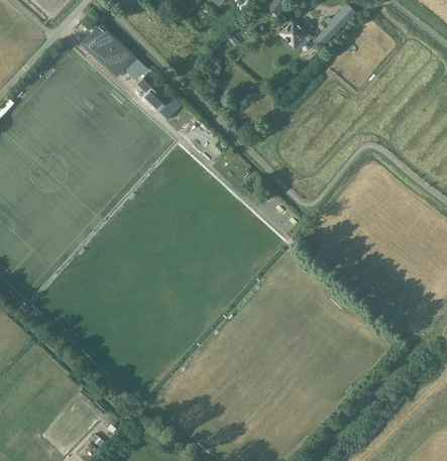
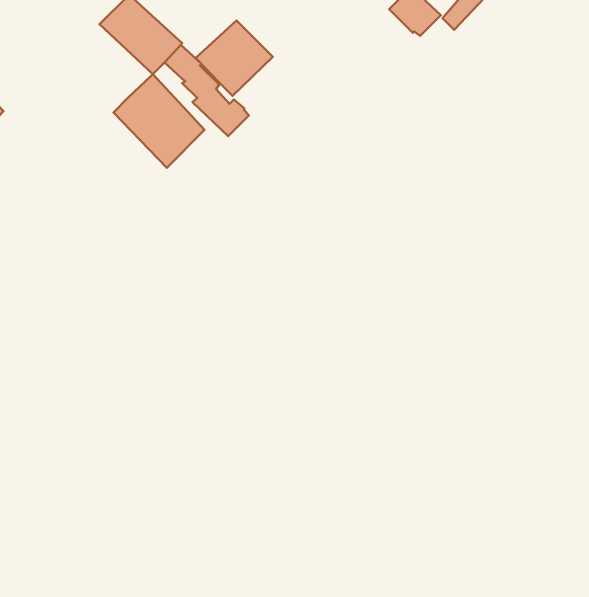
building: none -> [196,21,273,96]
building: none -> [113,74,204,168]

